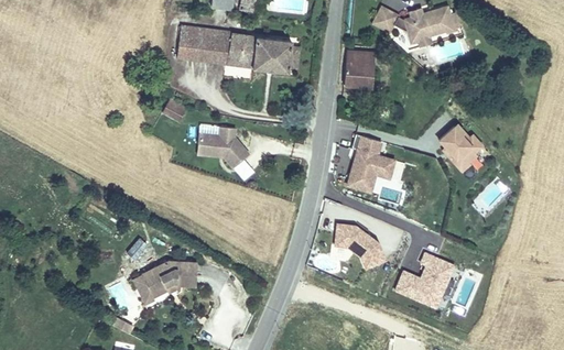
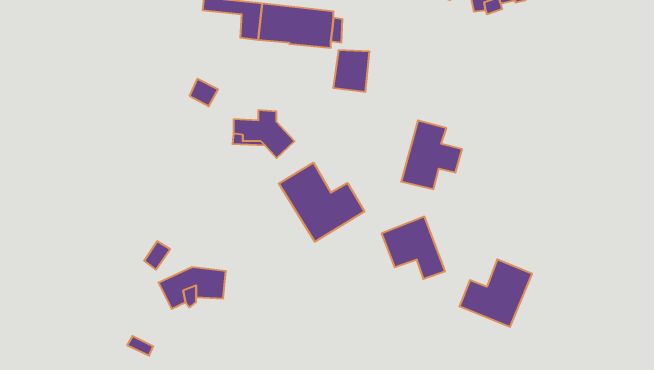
building: [174,41,209,65] -> none
building: [347,51,378,86] -> [333,50,370,92]
building: [438,129,487,176] -> none
building: none -> [279,163,364,242]

